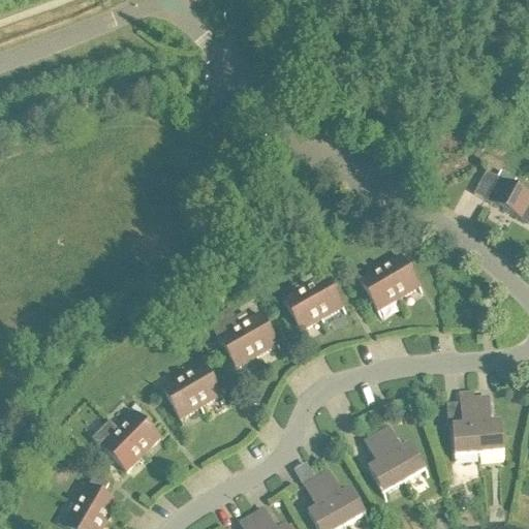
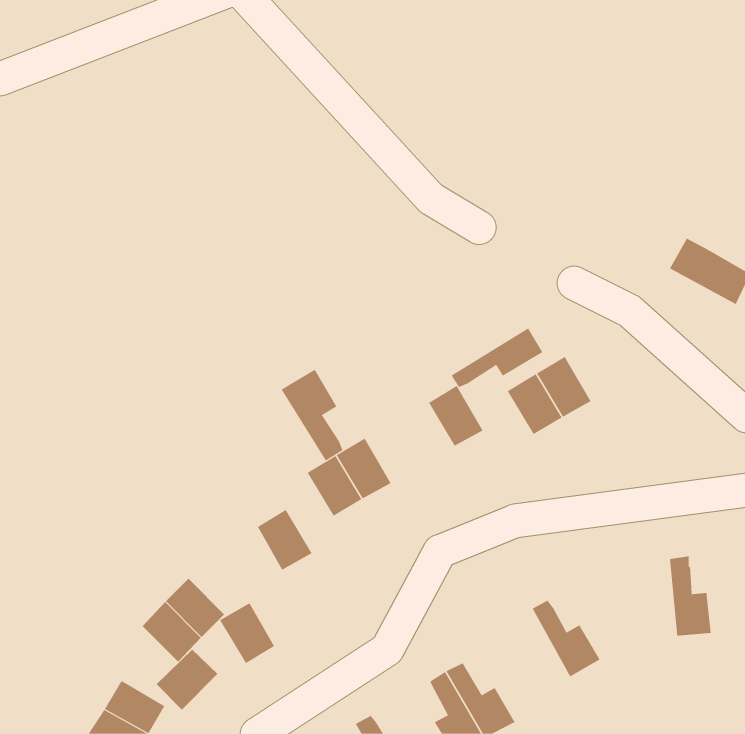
building: none -> [451,328,543,388]
building: none -> [281,369,343,461]
building: [283,285,322,329] -> none
building: [161,373,200,416] -> [219,602,275,664]
building: [453,396,479,453] -> none
building: [365,431,404,492] -> none
building: none -> [156,649,218,710]

